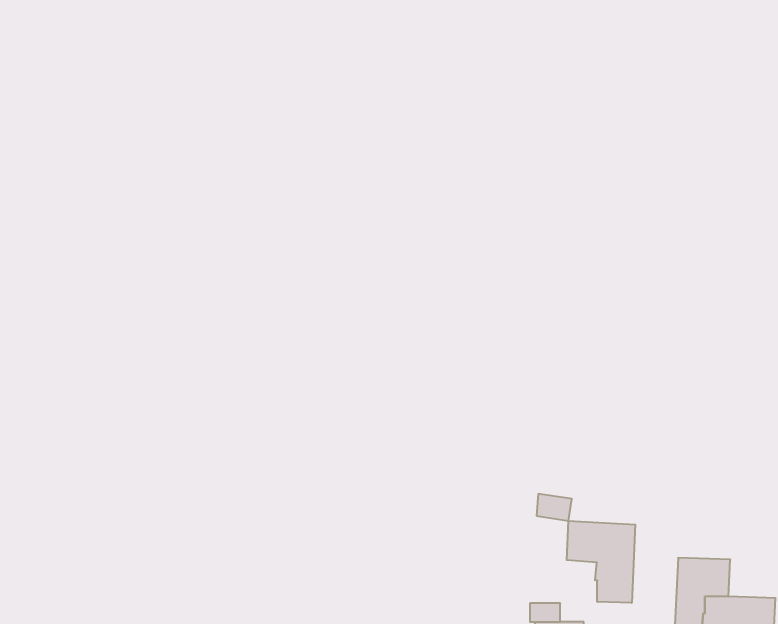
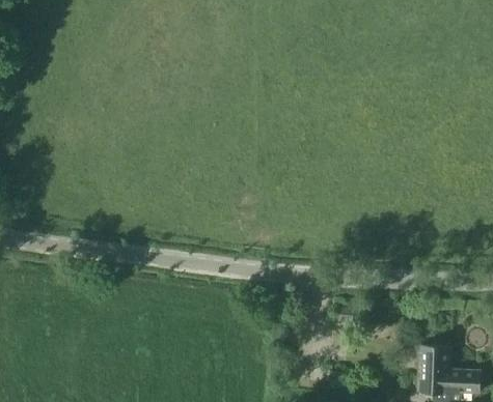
building: [567,521,635,603] -> none

